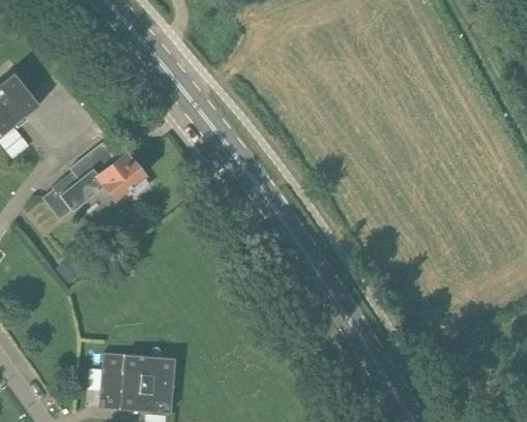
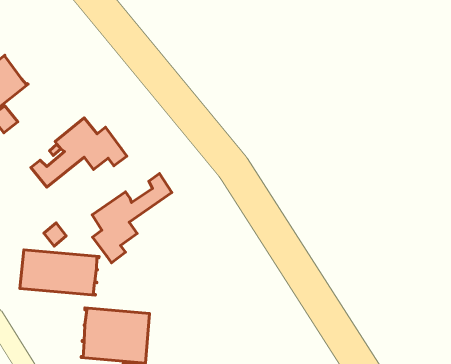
building: none -> [92,174,172,263]
building: none -> [20,250,99,295]

